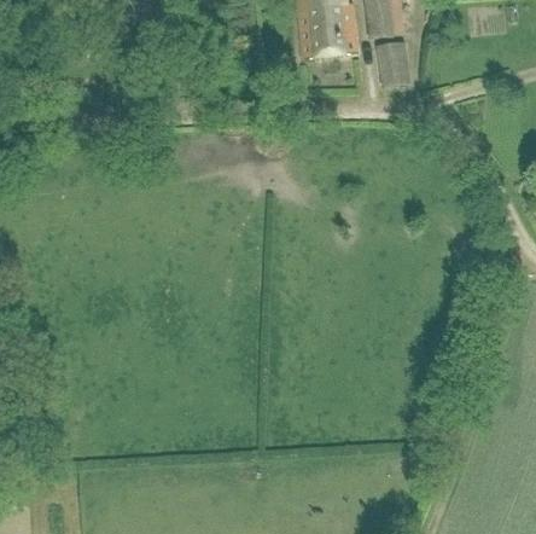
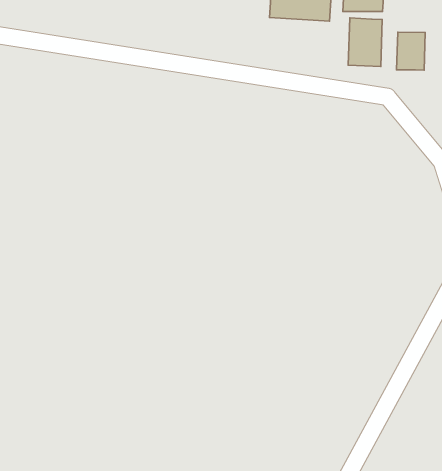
building: none -> [397,32,425,70]

